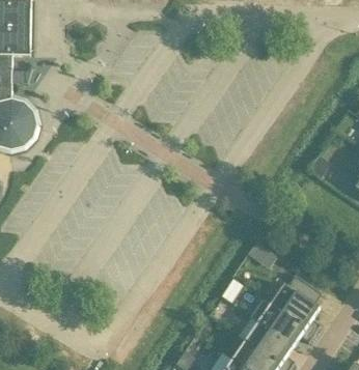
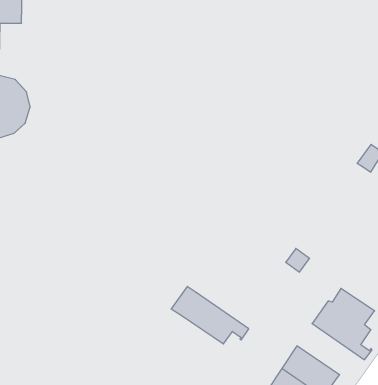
building: [248,298,312,346] -> [171,286,249,344]

